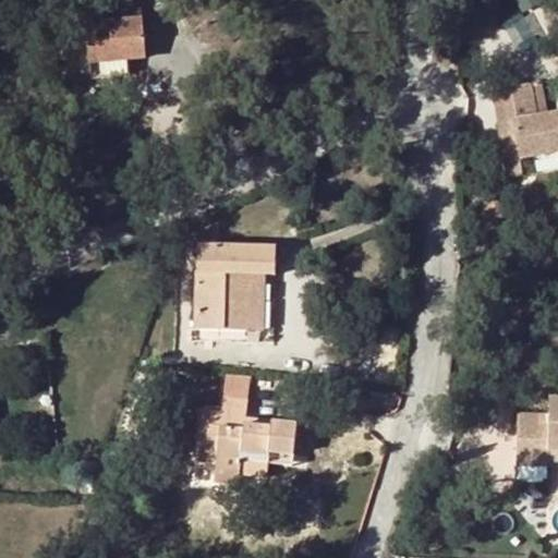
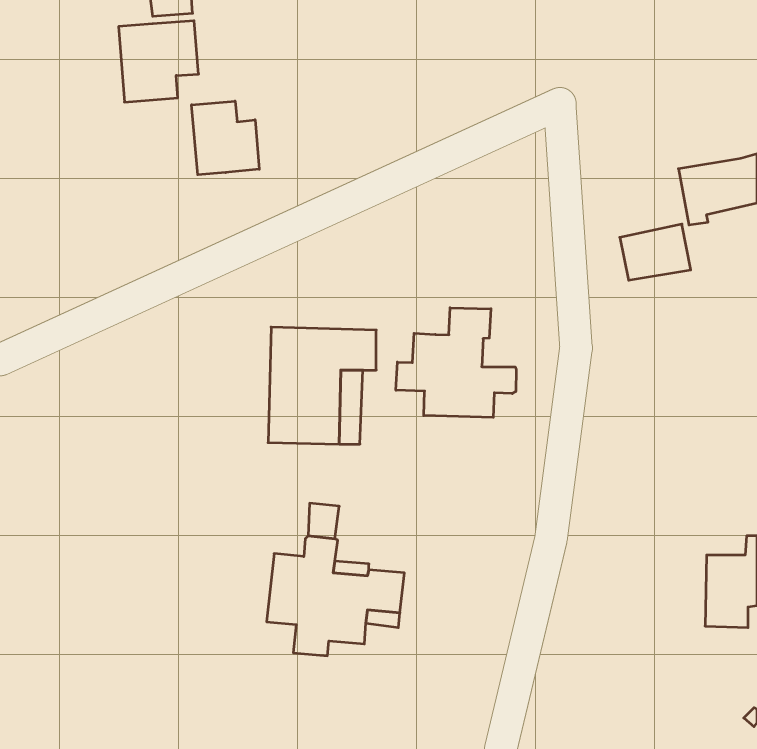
building: none -> [192,101,259,175]
building: [493,83,545,124] -> [620,224,691,280]
building: none -> [396,308,516,417]

